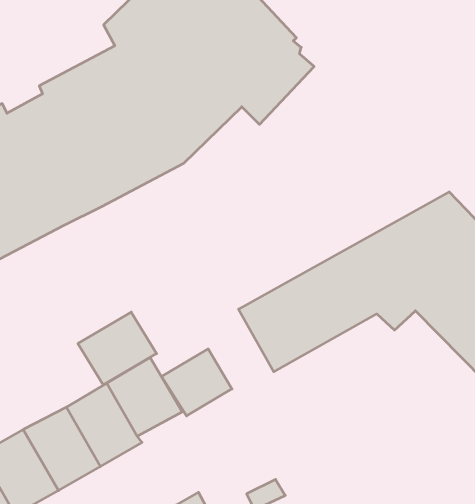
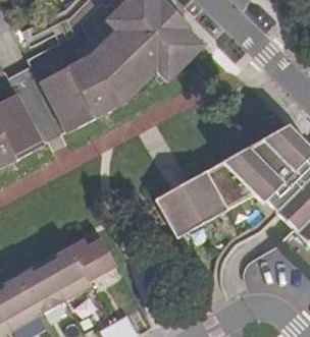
building: [78,312,157,385] -> none
building: [161,349,232,416] -> none

